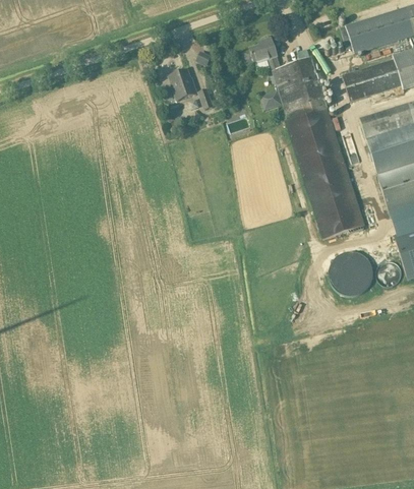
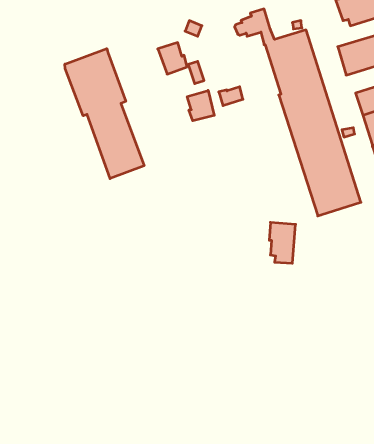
building: none -> [65,49,144,179]
building: none -> [187,90,214,121]
building: [342,253,367,293] -> [269,222,296,263]

